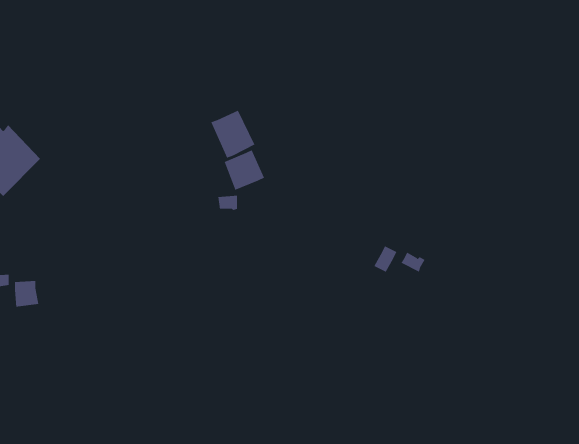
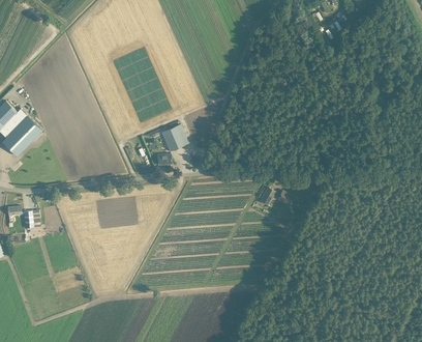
building: [211,110,255,158] -> none

